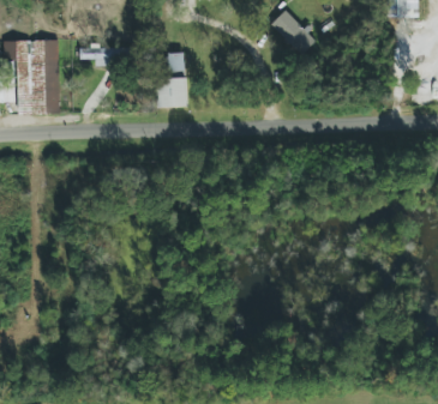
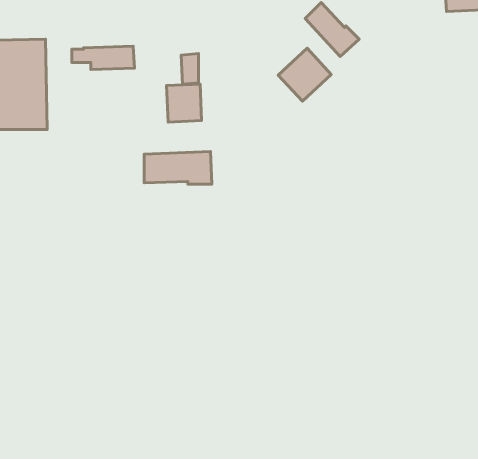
building: none -> [278,48,331,101]
building: none -> [144,151,212,184]

